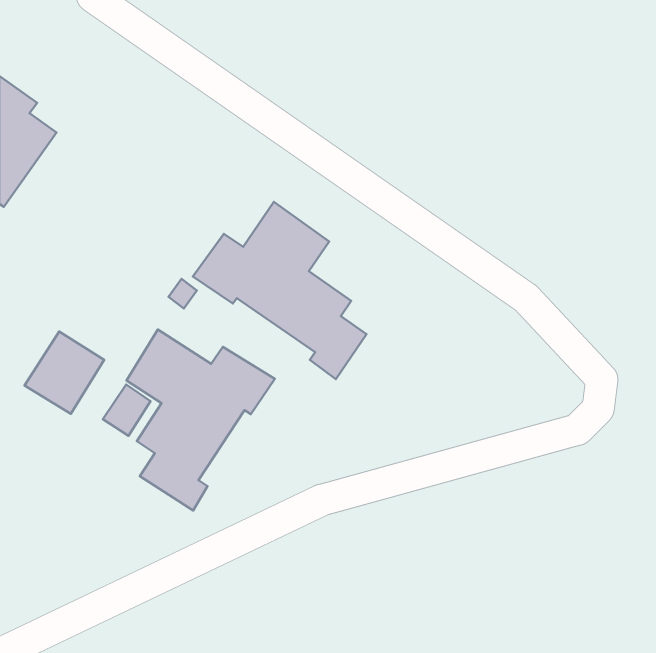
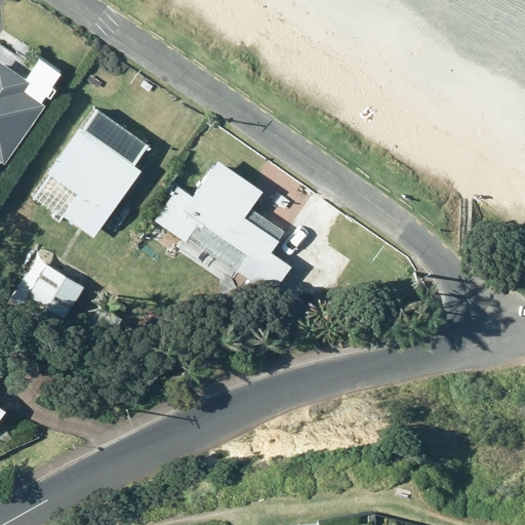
building: none -> [33,109,146,238]
building: [126,330,275,511] -> none

